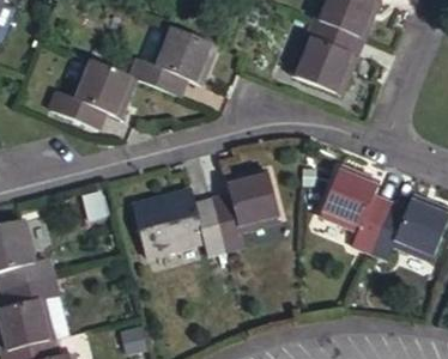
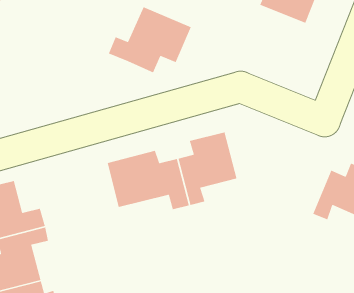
building: [284,17,361,95] -> none
building: [63,61,155,130] -> none
building: [315,168,389,258] -> none

